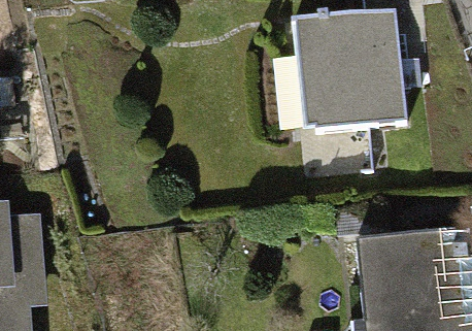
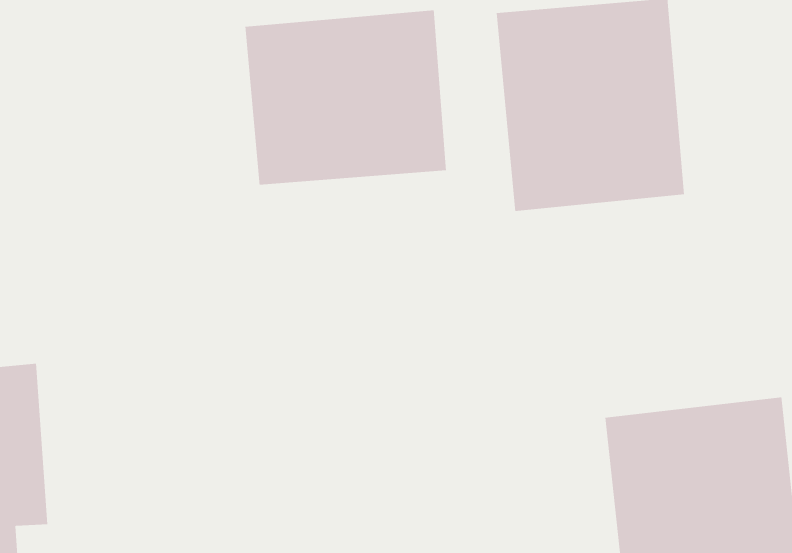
building: none -> [245,10,447,185]

